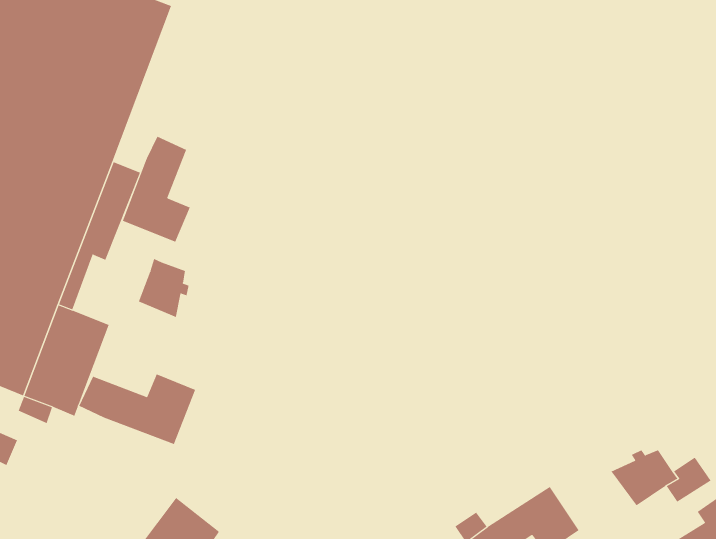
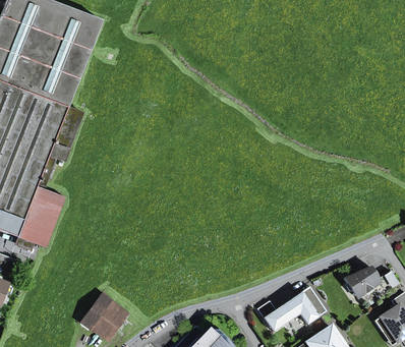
building: [122,136,190,243] -> none
building: [138,258,189,318] -> none
building: [79,373,196,445] -> none

